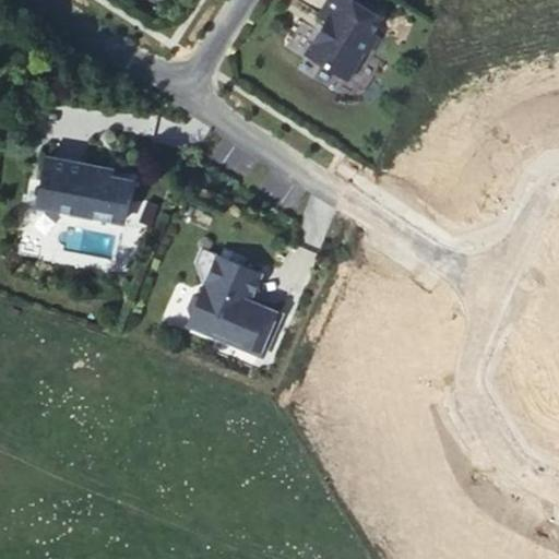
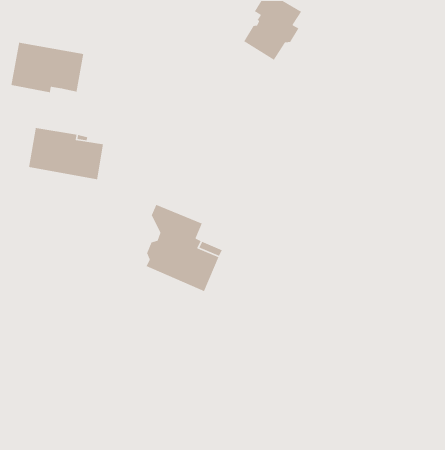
building: none -> [11,42,84,93]

